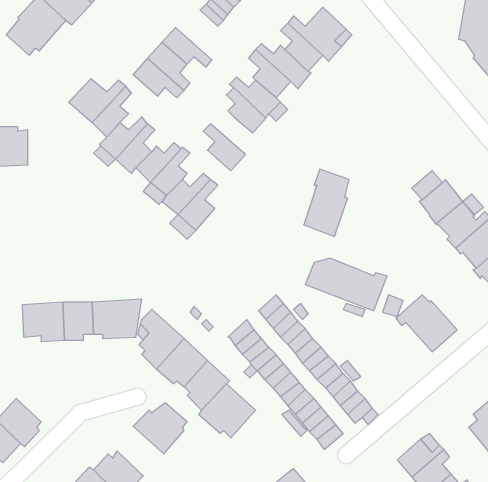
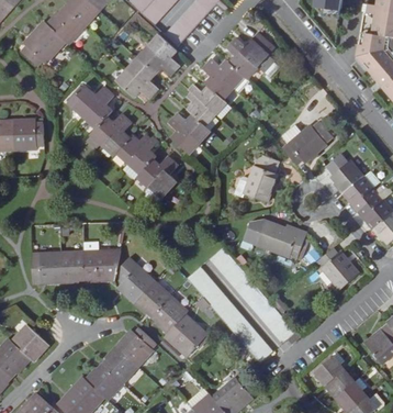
building: none -> [146,34,179,70]
building: none -> [172,113,209,142]
building: none -> [283,121,333,166]
building: none -> [102,346,137,383]

